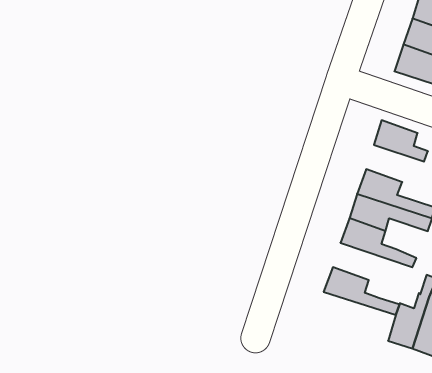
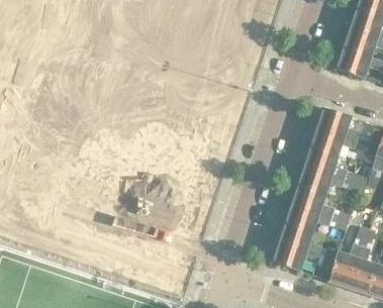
building: none -> [313,125,359,155]
building: none -> [287,202,350,231]
building: none -> [274,240,337,270]

